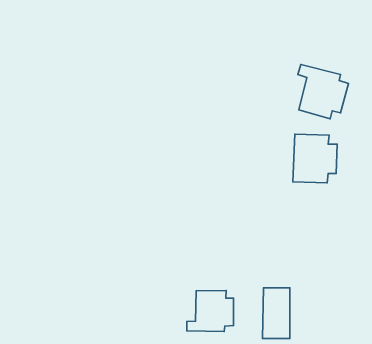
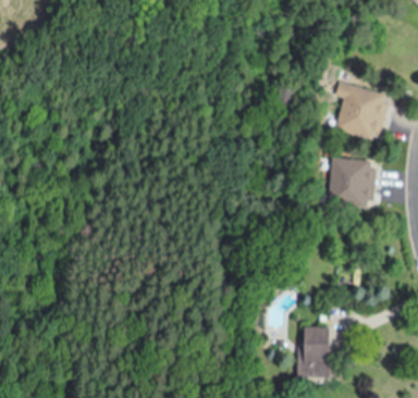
building: [187,291,234,332] -> none

